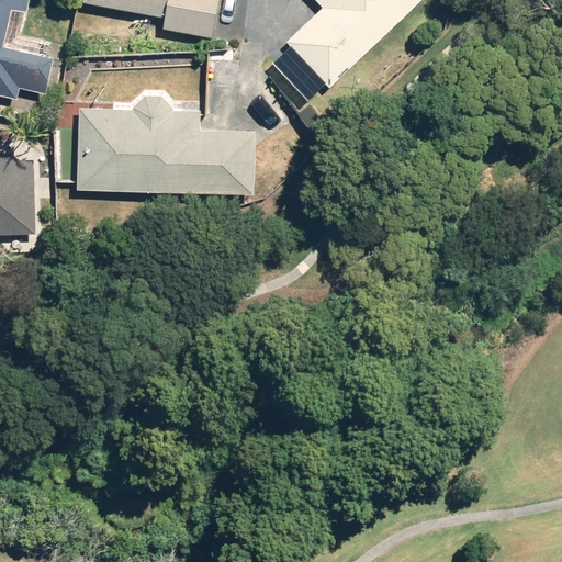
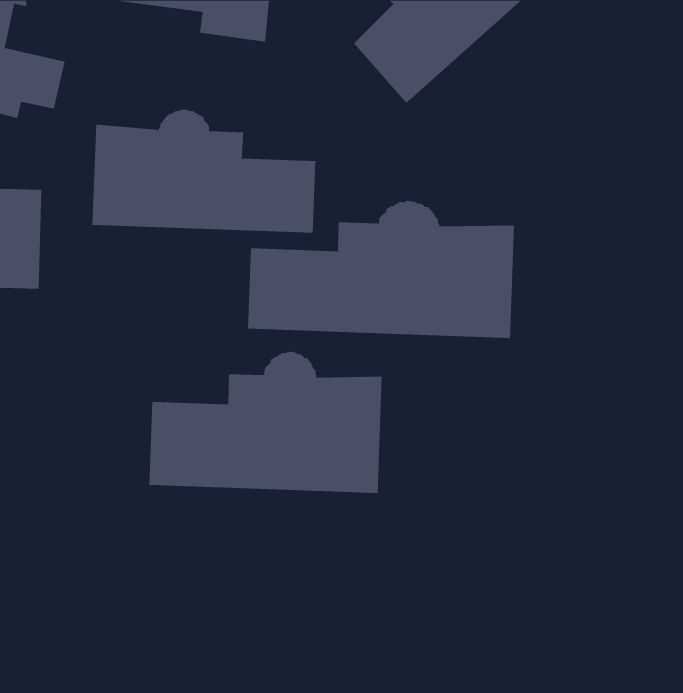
building: none -> [247,200,514,339]
building: none -> [149,351,382,494]

